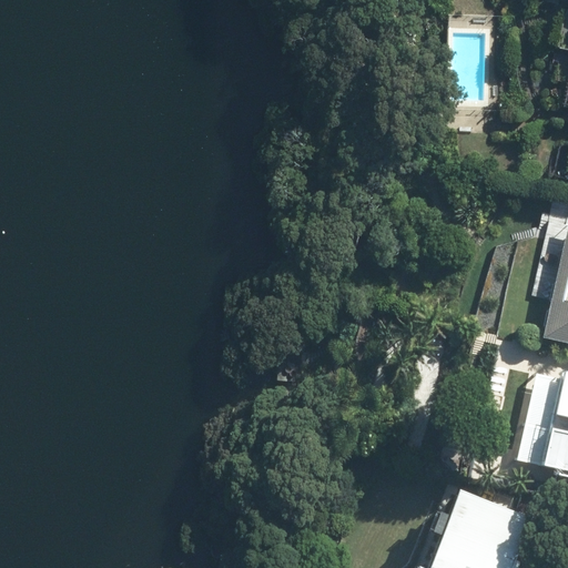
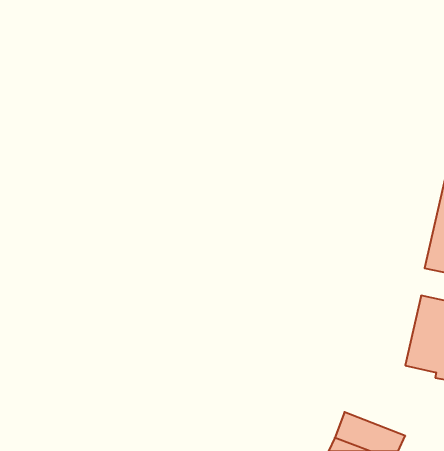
building: [442,487,530,548] -> none

